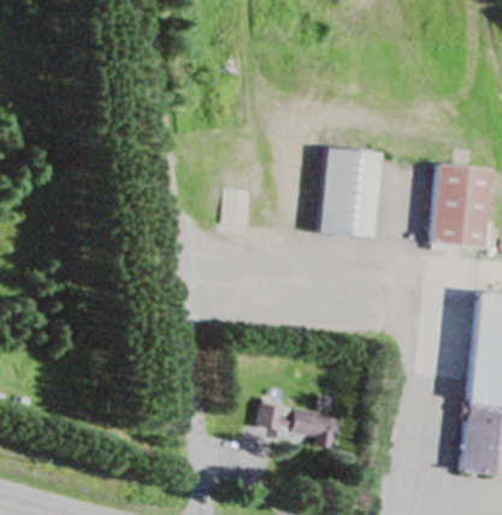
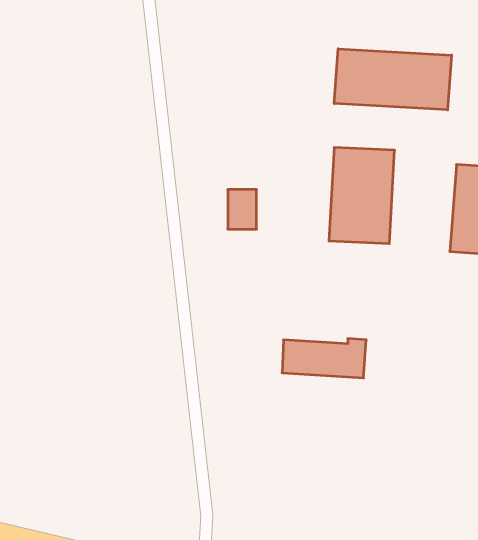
building: none -> [334,49,452,110]
building: [260,401,337,437] -> [282,339,366,378]

